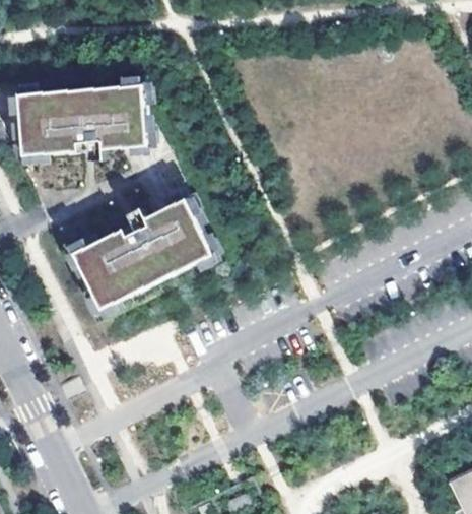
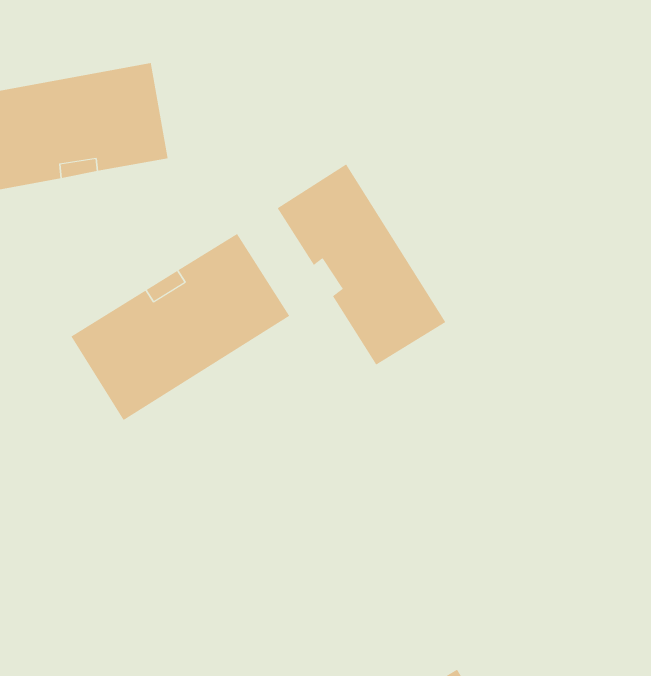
building: none -> [277,163,446,366]

